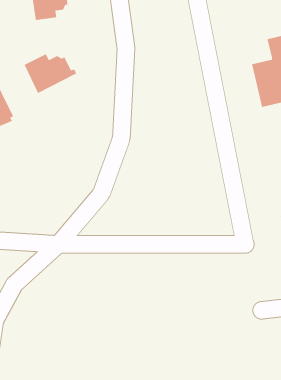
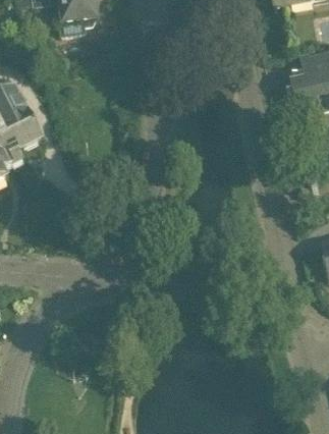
building: [23,53,77,94] -> none

